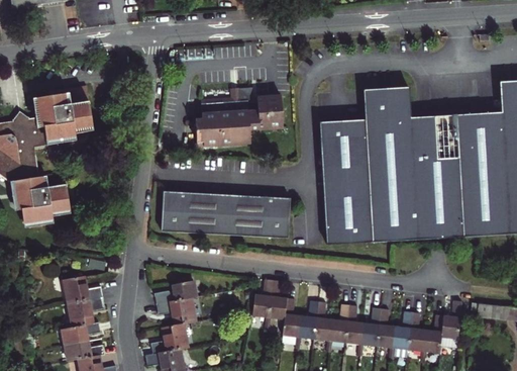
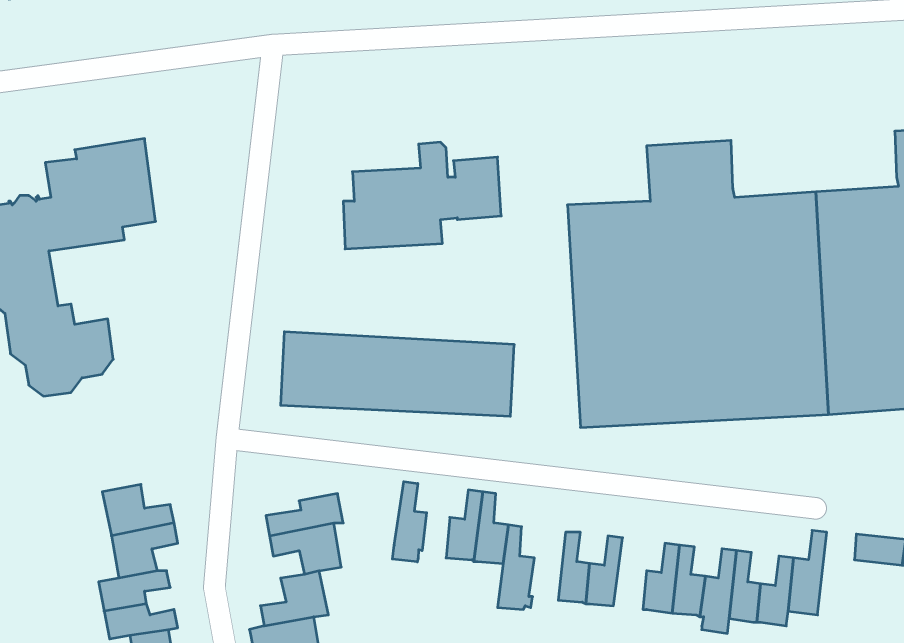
building: none -> [392,482,427,562]
building: [298,300,318,339] -> none
building: [344,304,363,344] -> none

